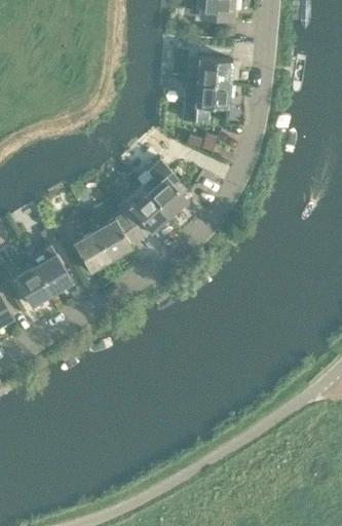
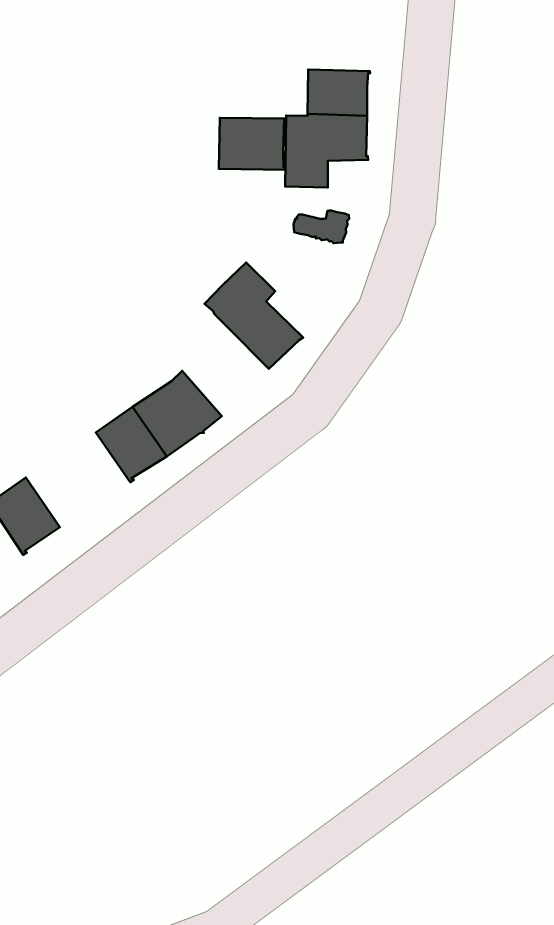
building: none -> [219,118,286,170]
building: [116,183,168,239] -> none
building: [30,245,73,293] -> none

